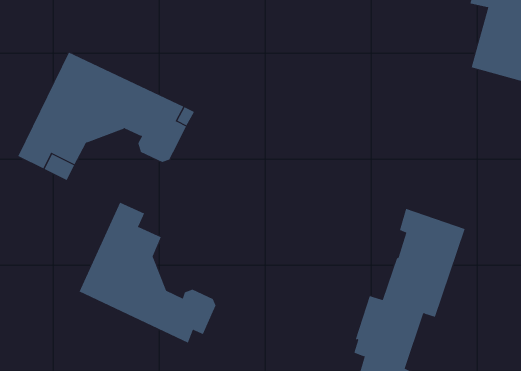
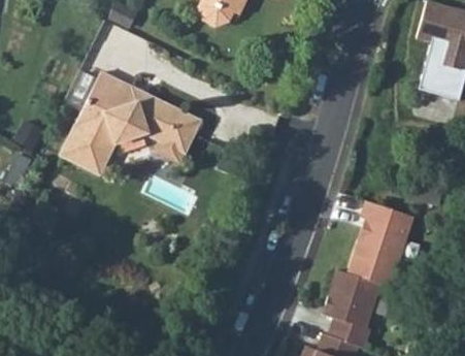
building: [79,202,216,343] -> none

